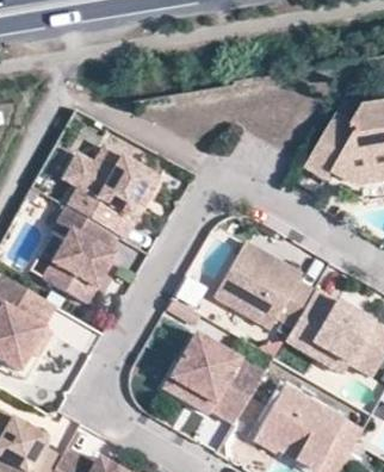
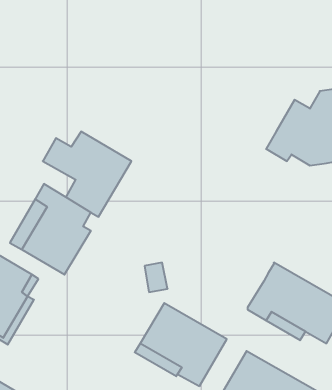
building: [212,241,314,337] -> none

